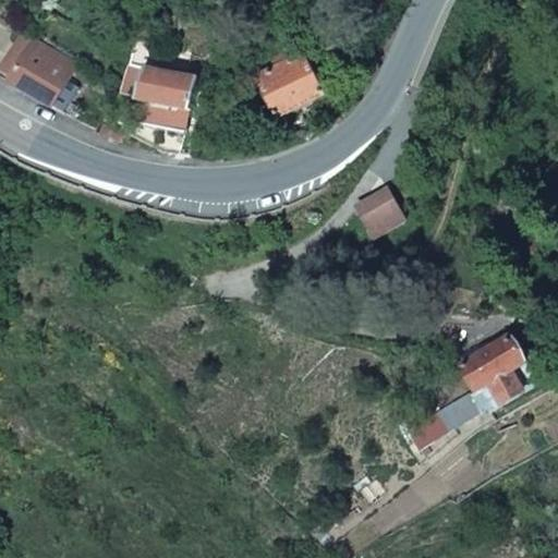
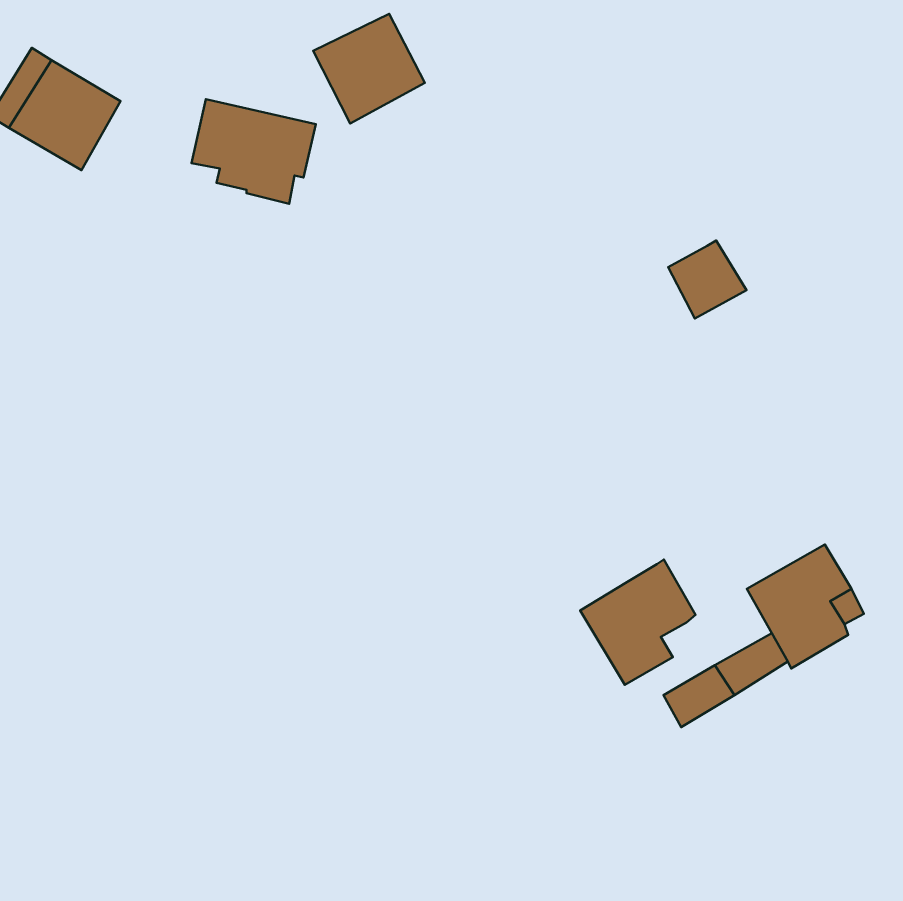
building: [254,51,323,119] -> [313,14,425,124]
building: [357,189,405,236] -> [668,240,746,319]
building: none -> [580,559,695,685]

